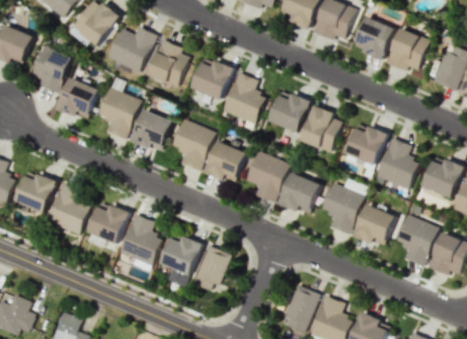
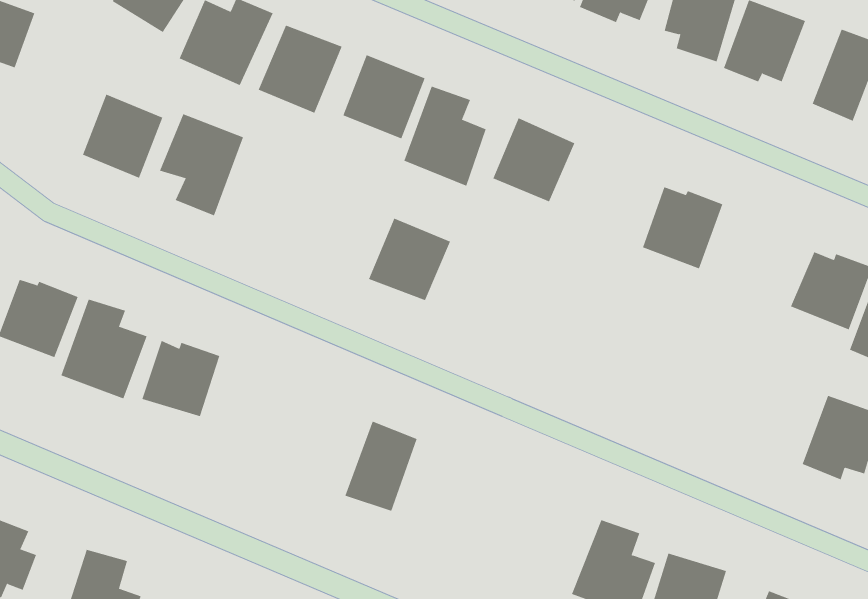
building: [30,46,71,92] -> none
building: [299,104,340,151] -> none
building: [131,109,172,152] -> none
building: [171,119,214,171] -> none
building: [374,137,418,189] -> none
building: [245,150,289,202] -> none
building: [279,172,320,214] -> none
building: [320,182,363,233] -> none
building: [353,203,394,247] -> none
building: [120,213,160,271] -> none
building: [394,213,438,266] -> none
building: [159,235,202,286] -> none
building: [282,285,317,332] -> none

